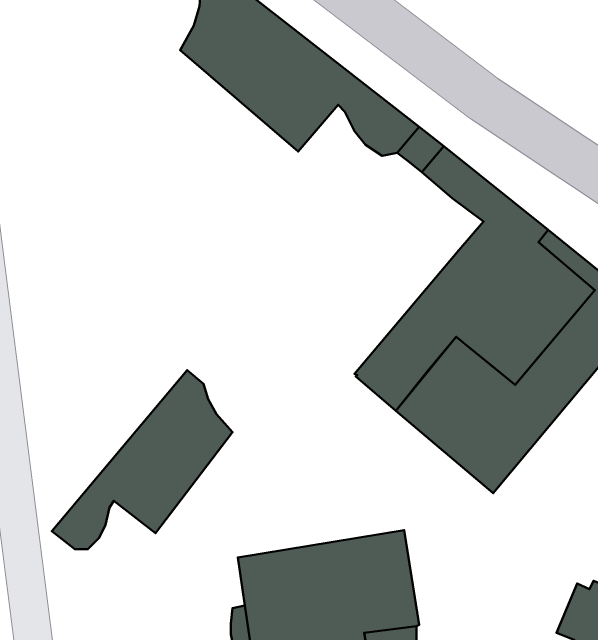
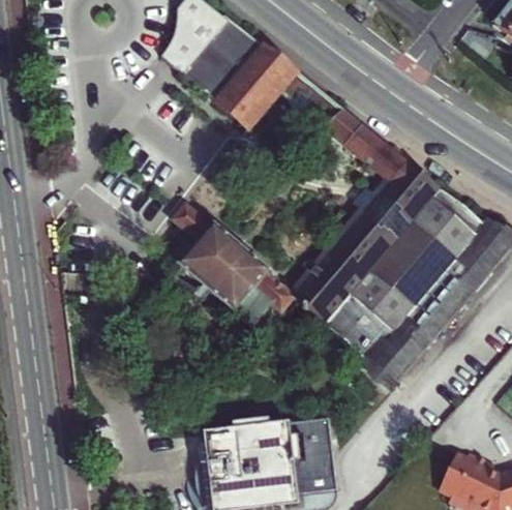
building: none -> [171,203,295,326]
building: [52,370,232,549] -> none

